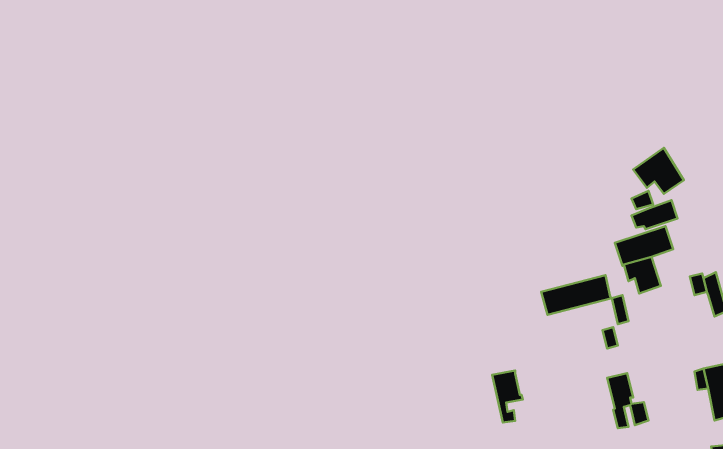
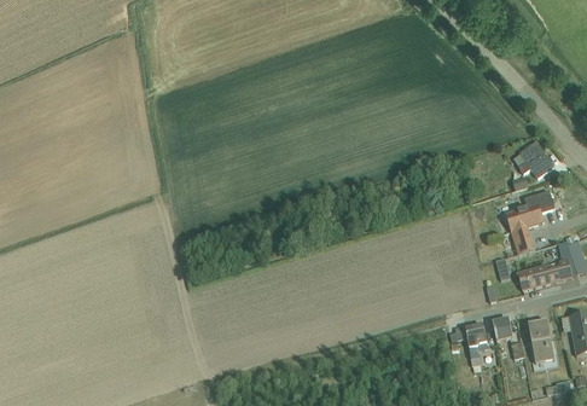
building: [541,275,612,315] -> [518,259,574,290]
building: [492,370,523,422] -> [466,325,490,366]
building: none -> [529,320,554,364]

